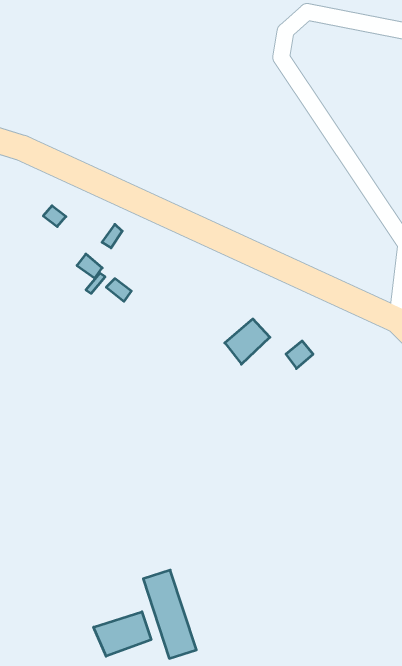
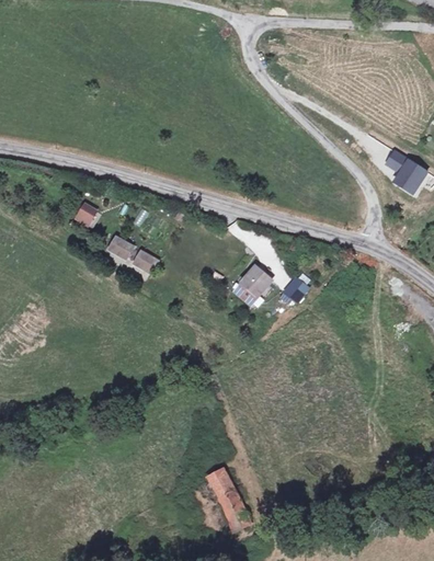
building: [94,612,151,656] -> none

